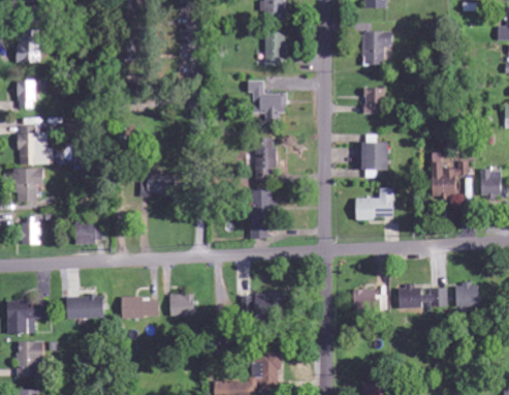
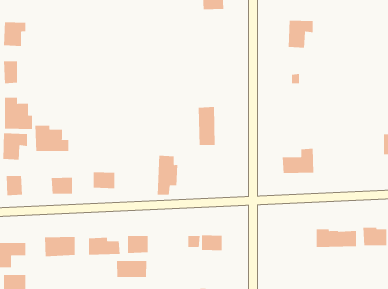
building: [264,31,283,65] -> none
building: [249,80,287,123] -> none
building: [364,142,392,171] -> none
building: none -> [35,125,69,152]
building: [435,160,468,198] -> none
building: [148,174,174,194] -> [93,172,115,189]
building: [251,189,277,238] -> [157,155,178,195]
building: [351,288,378,311] -> none
building: none -> [117,260,147,278]

